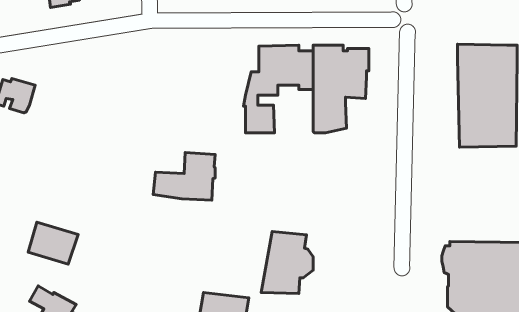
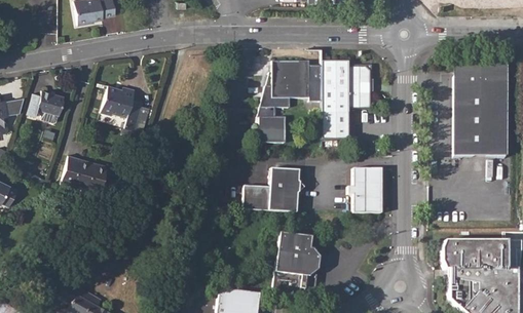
building: none -> [100,87,143,130]
building: [153,152,215,200] -> [245,167,302,211]
building: none -> [349,167,385,212]
building: [28,222,78,264] -> [62,155,108,194]

